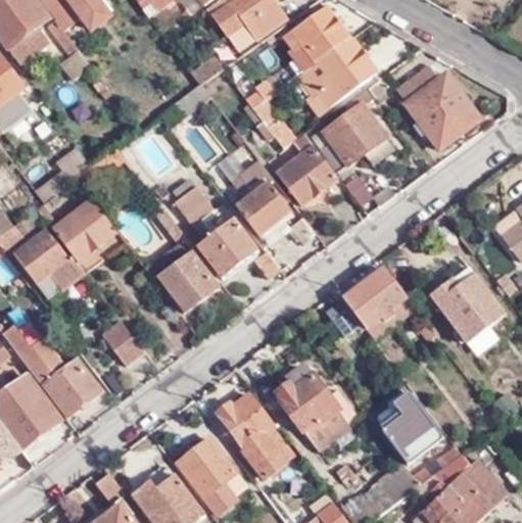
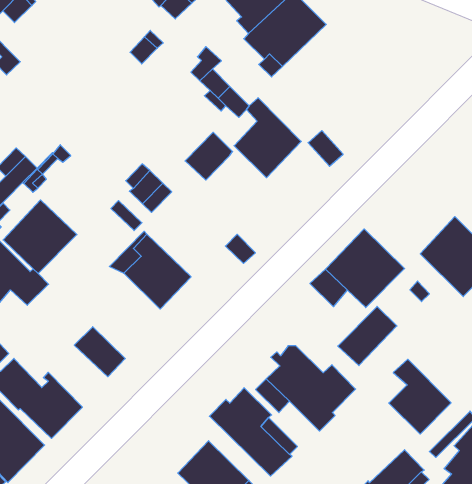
building: [392,66,475,150] -> none
building: [322,85,388,173] -> none
building: [235,180,290,236] -> none
building: [197,219,256,277] -> none
building: none -> [338,306,397,366]

